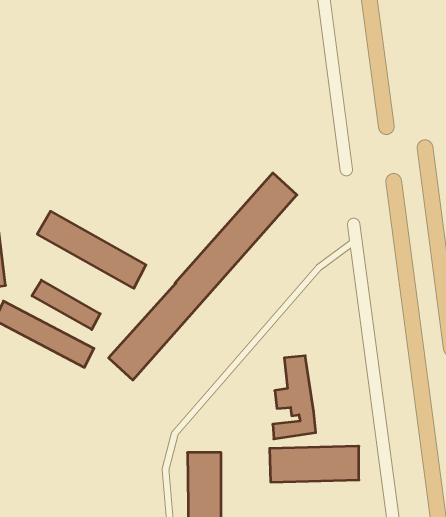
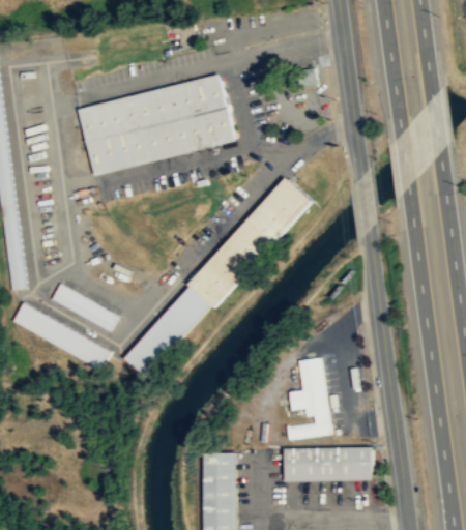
building: none -> [77,77,235,174]
building: [37,211,146,288] -> none

